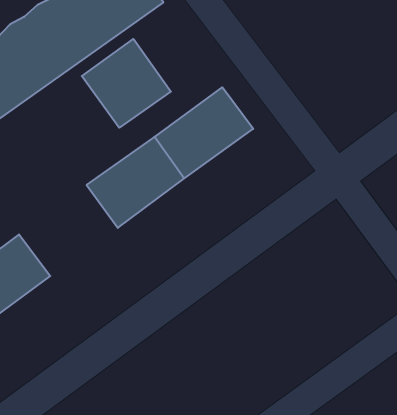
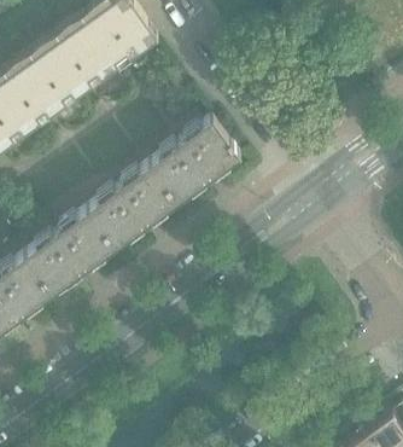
building: [82,39,171,128] -> none
building: none -> [23,207,115,291]

